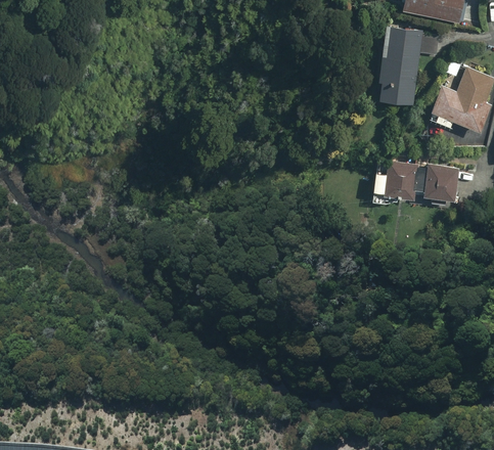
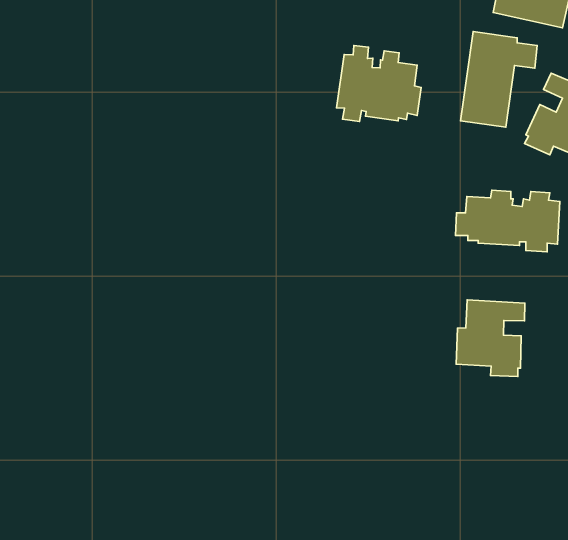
building: none -> [337,45,421,121]
building: none -> [456,300,525,376]

